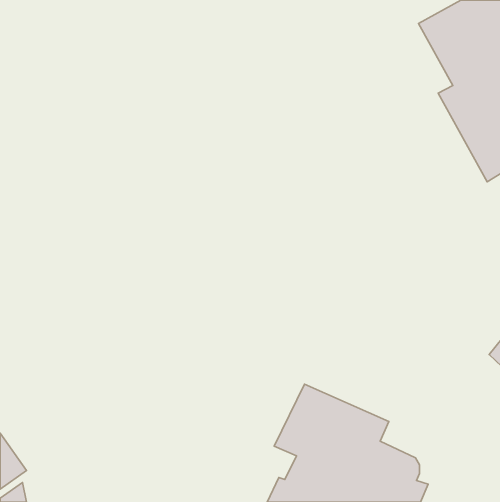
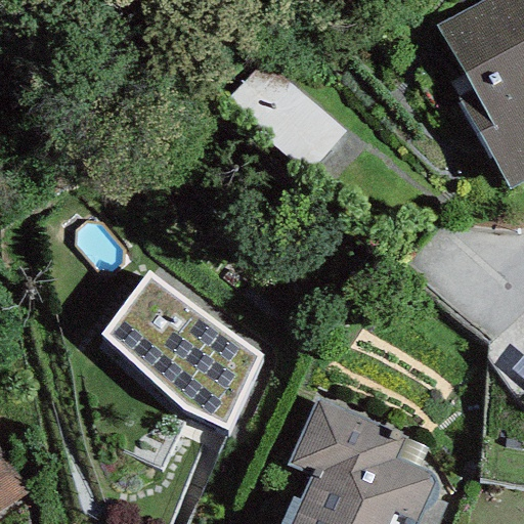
building: none -> [102,271,264,431]

